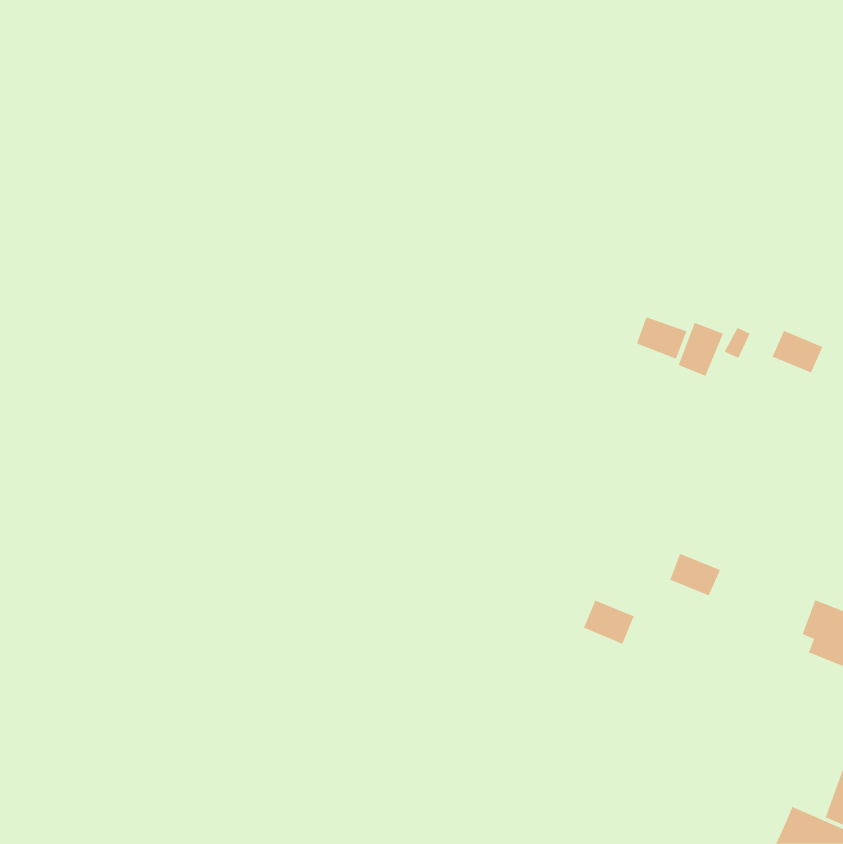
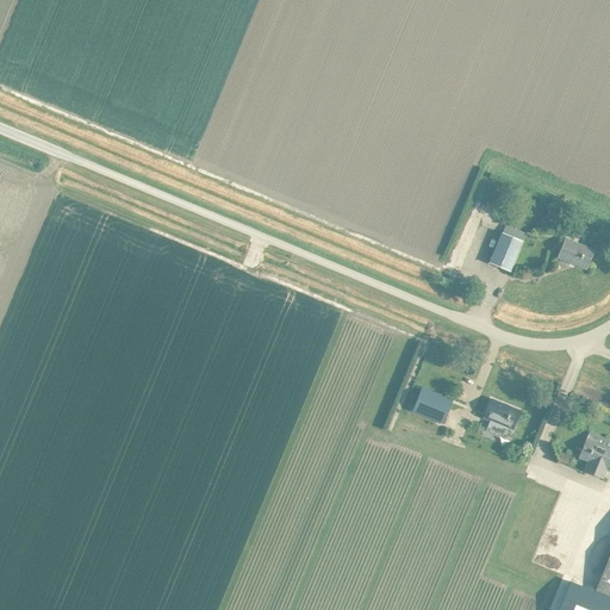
building: [636,316,687,360] -> none
building: [583,600,634,644] -> [415,391,452,423]

